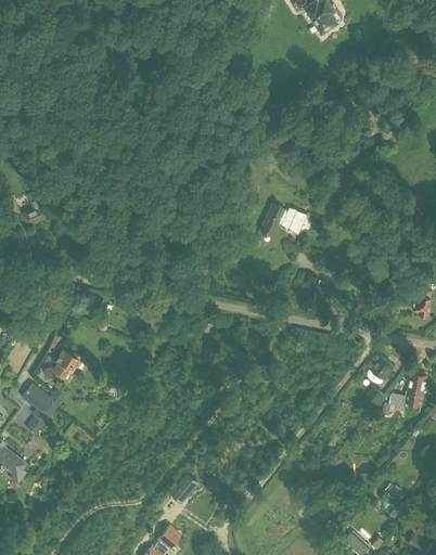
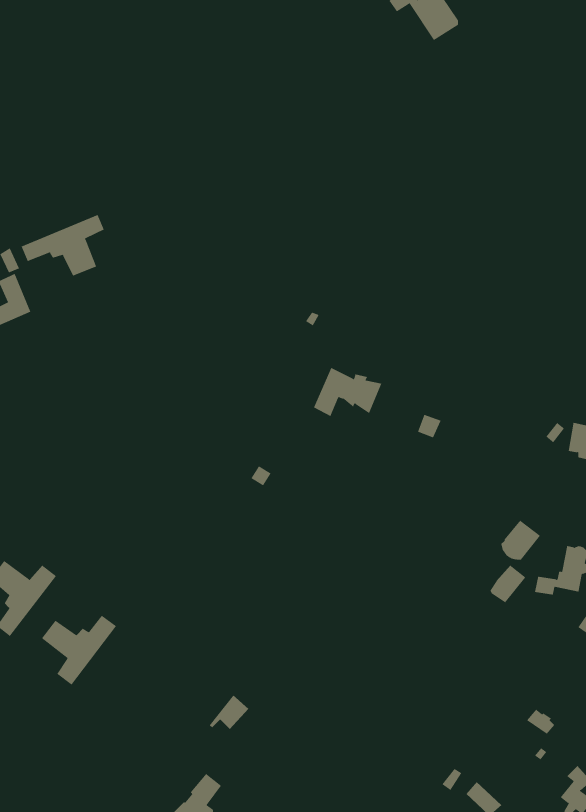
building: none -> [21,214,105,277]
building: [259,203,306,236] -> [313,367,382,417]
building: [51,349,80,383] -> none
building: none -> [41,615,117,685]

